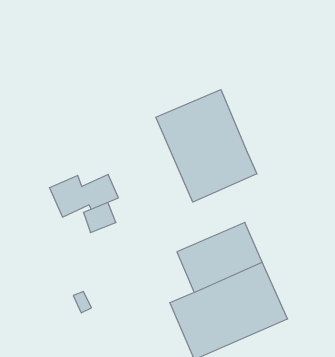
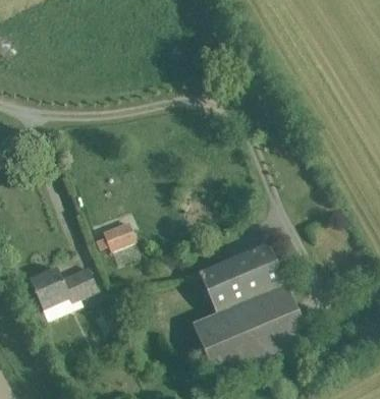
building: [156,90,257,202] -> none
building: [49,174,118,217] -> [30,267,99,309]

